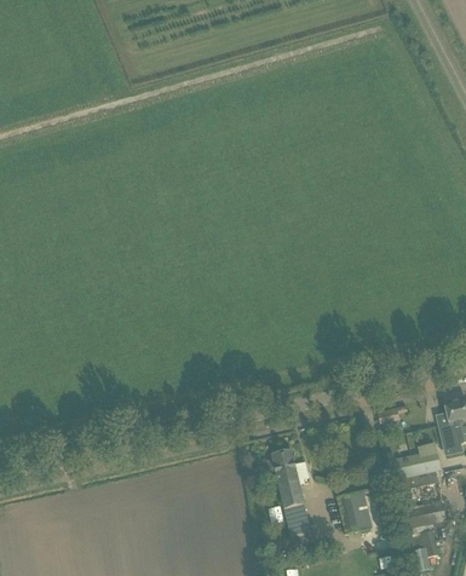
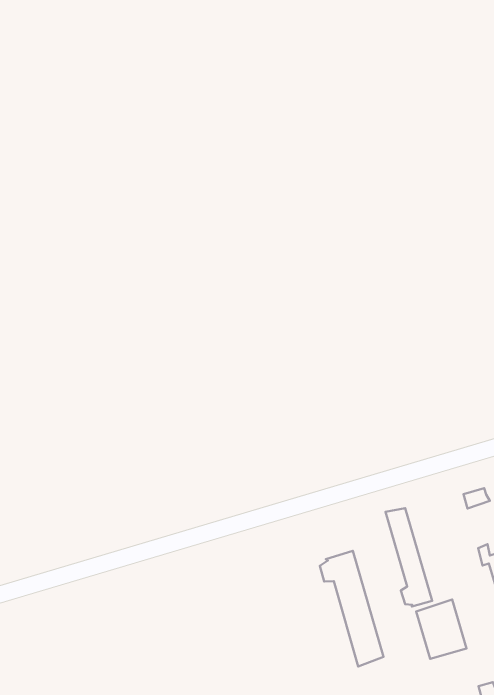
building: none -> [385,508,432,607]

